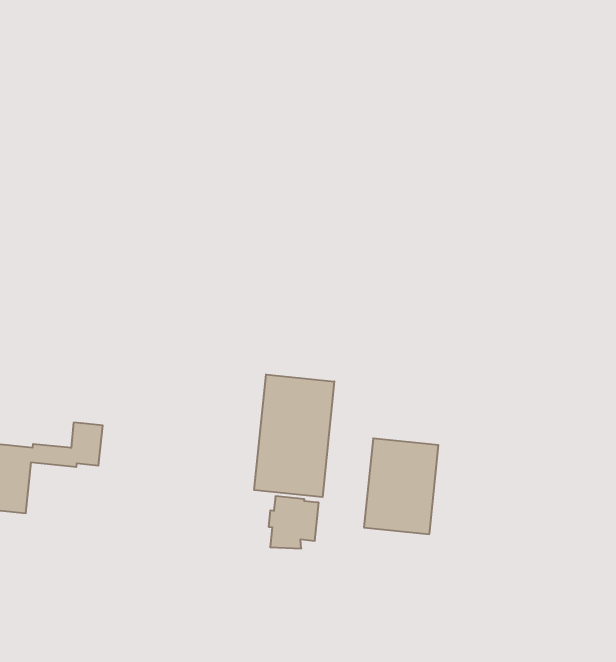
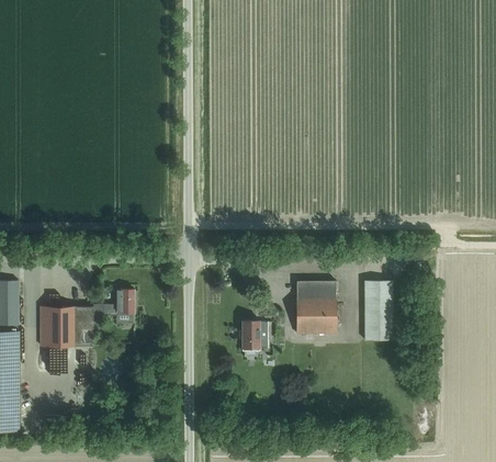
building: [254,374,334,497] -> none
building: none -> [363,281,393,341]

